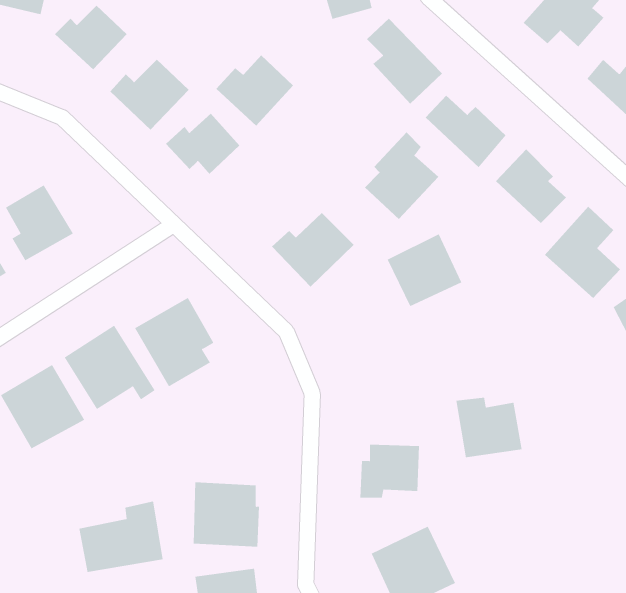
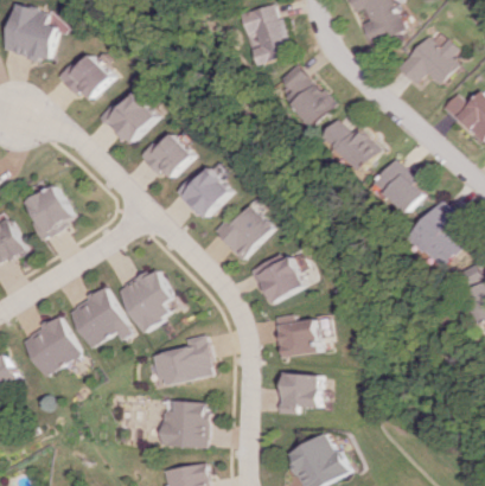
building: [215,55,294,126] -> [174,167,231,219]
building: [364,131,439,220] -> none
building: [387,233,462,307] -> [254,251,308,305]
building: [455,397,522,458] -> [276,314,325,358]
building: [79,501,164,573] -> [152,334,213,386]

